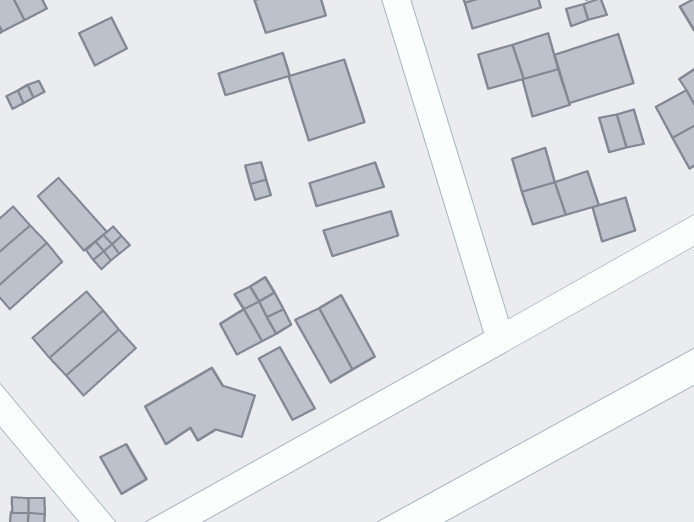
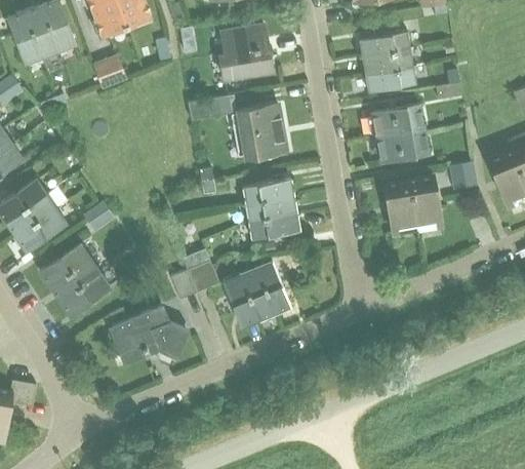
building: [554,34,634,103] -> none
building: none -> [374,131,403,162]
building: [38,178,107,250] -> none
building: none -> [246,195,297,221]
building: [592,198,635,242] -> [409,177,437,205]
building: [259,347,315,420] -> [256,261,291,312]
building: [100,444,147,494] -> none

